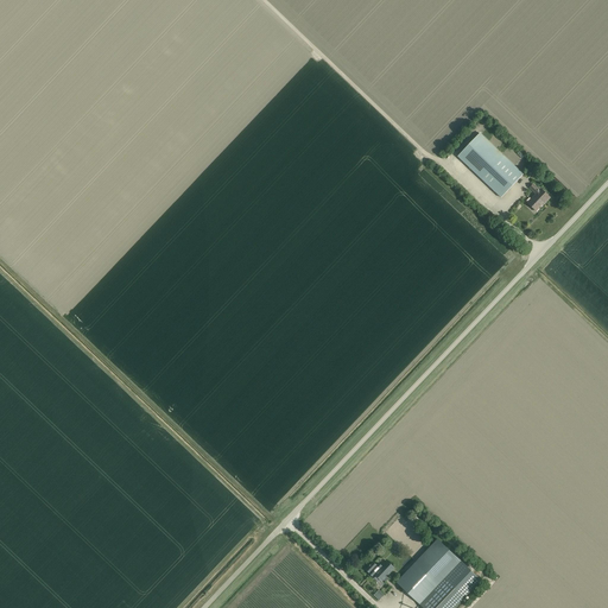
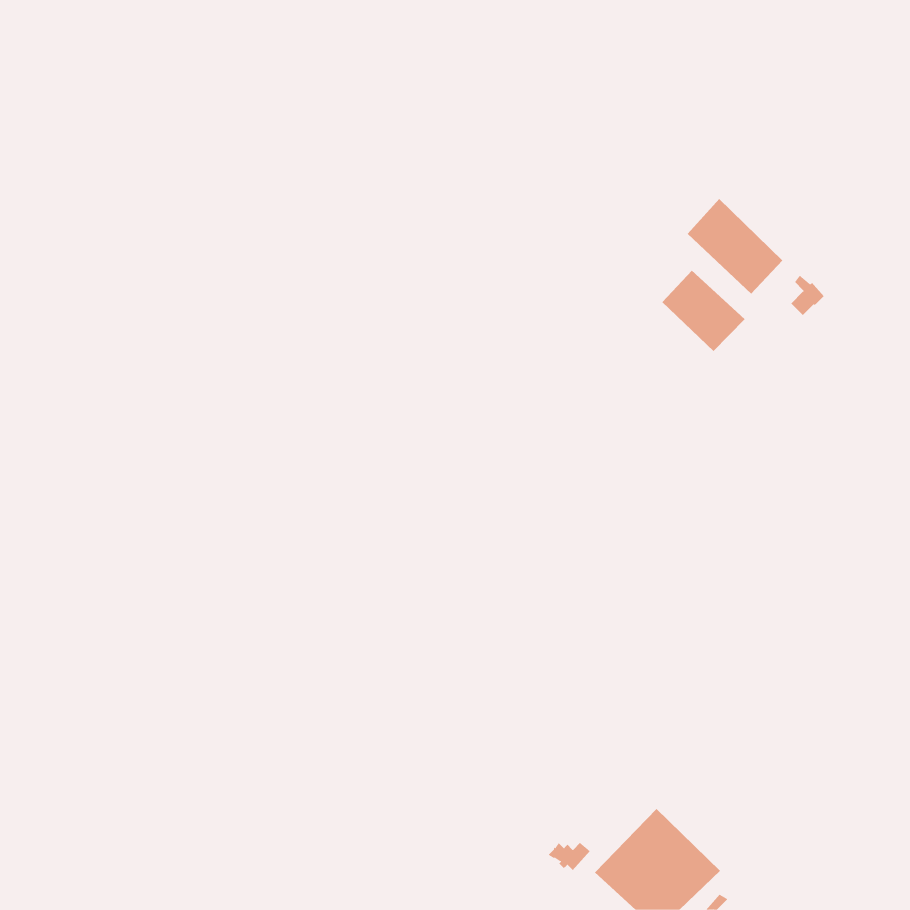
building: none -> [661,270,746,352]

